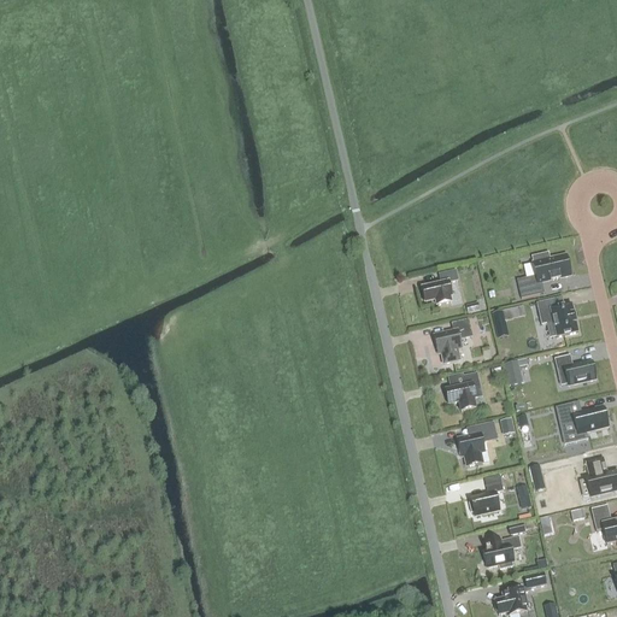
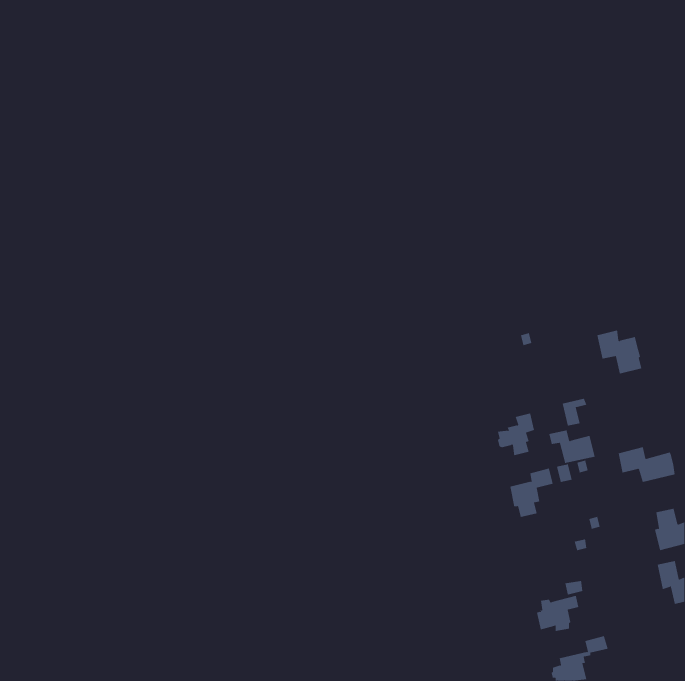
building: [517,252,571,298] -> none
building: [423,269,458,304] -> none
building: [435,318,472,363] -> none
building: [553,354,595,384] -> [549,430,595,463]
building: [470,481,504,515] -> none

